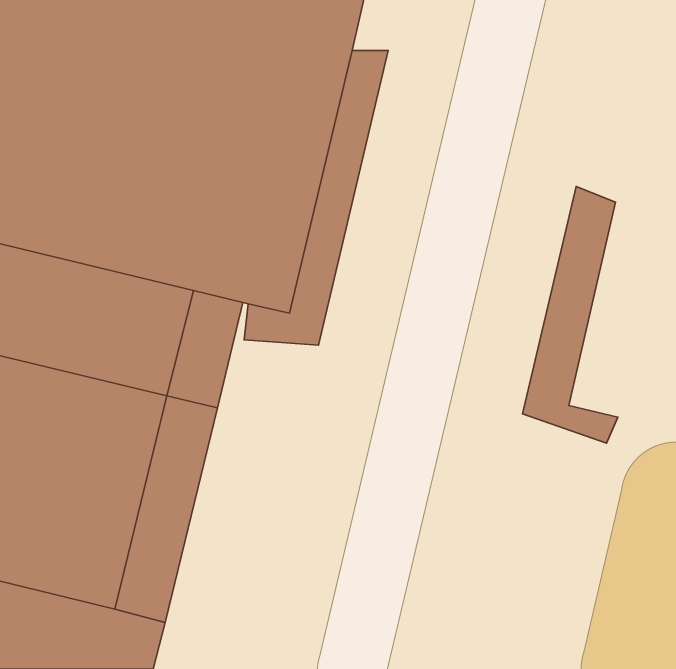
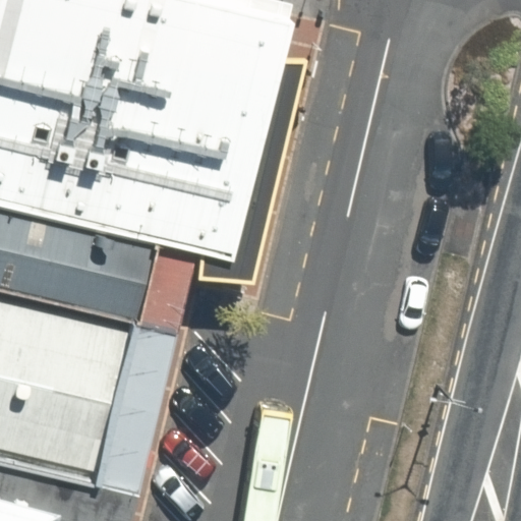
building: [523,186,618,443] -> none

